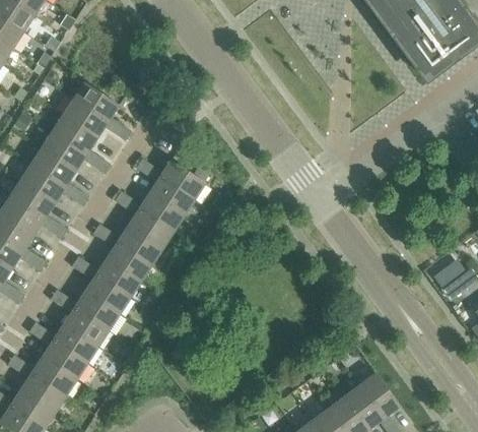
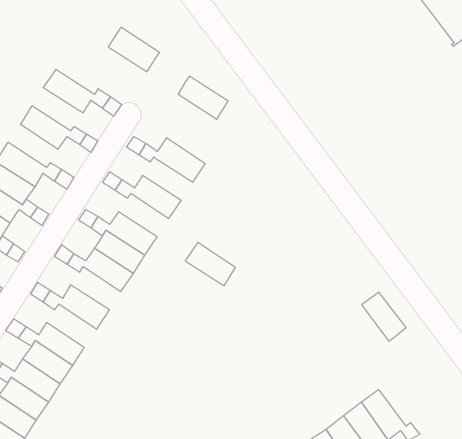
building: [72,82,118,122] -> [108,27,160,72]
building: [51,116,96,155] -> none
building: [29,148,74,187] -> none
building: [149,178,194,217] -> [178,76,228,119]
building: [128,210,173,249] -> [185,242,235,286]
building: [85,275,130,314] -> none
building: [64,309,109,348] -> none
building: [359,374,399,418] -> [362,292,406,341]

